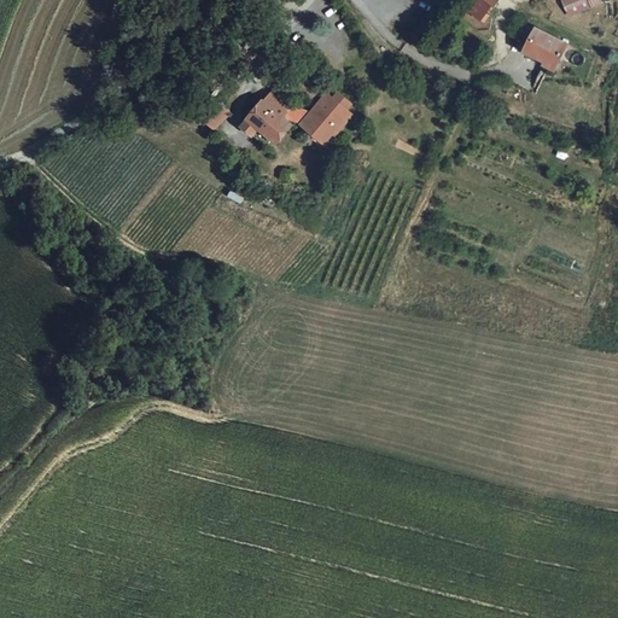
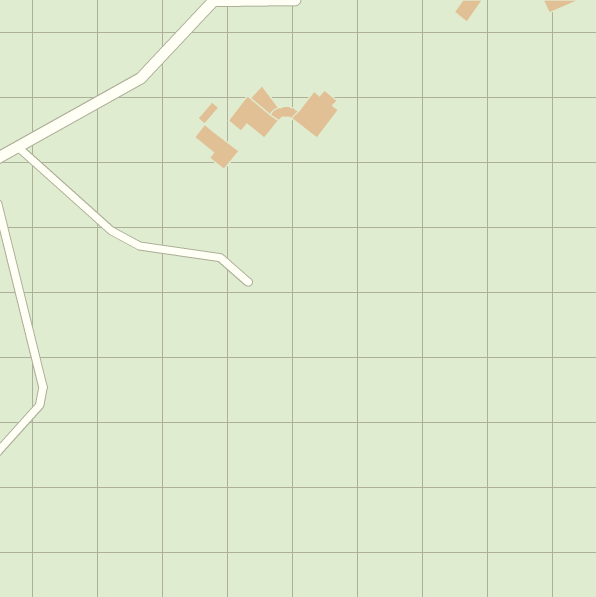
building: [523,29,564,70] -> none
building: none -> [194,124,239,169]

